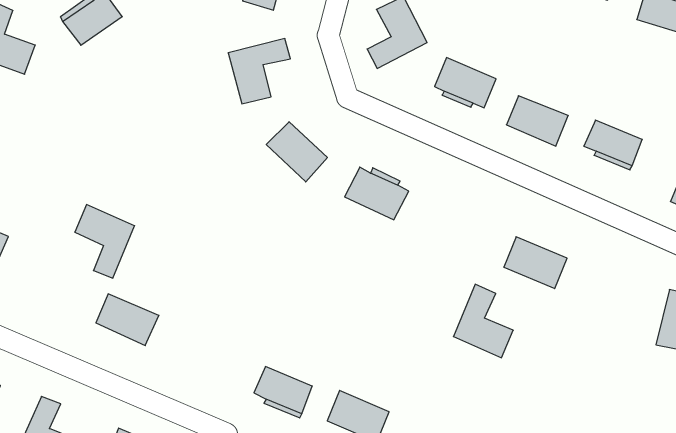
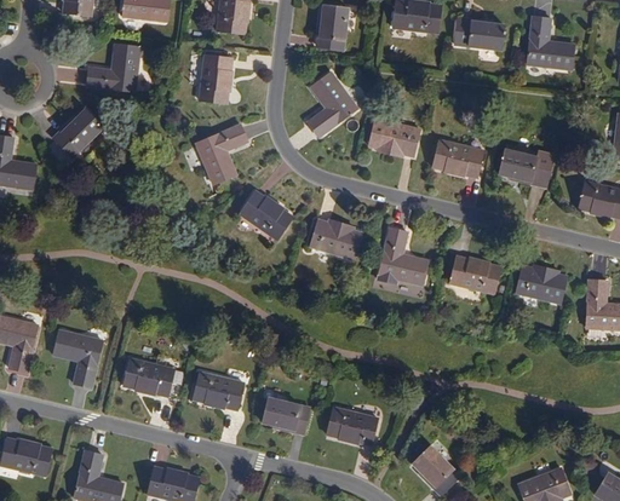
building: [75,205,135,278] -> [53,329,102,386]
building: none -> [516,266,567,304]
building: [453,284,513,358] -> [378,228,426,284]
building: none -> [193,372,243,409]

